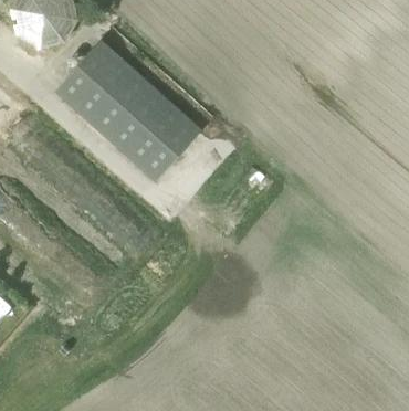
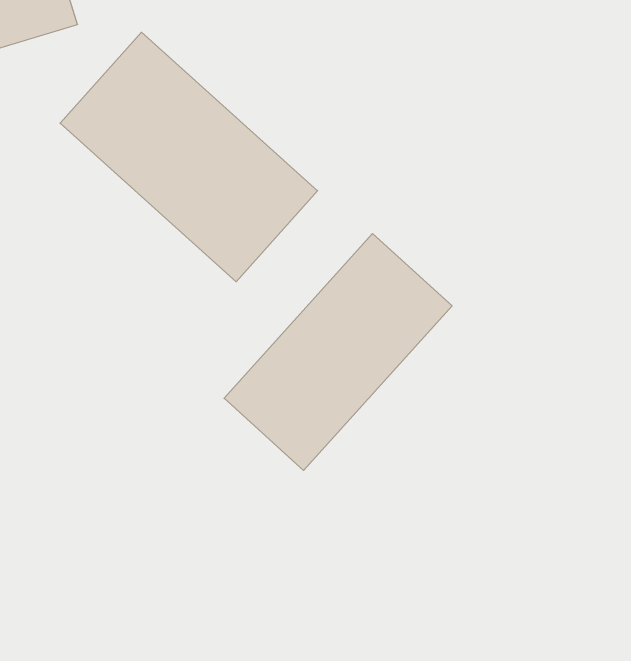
building: none -> [224,234,452,470]

